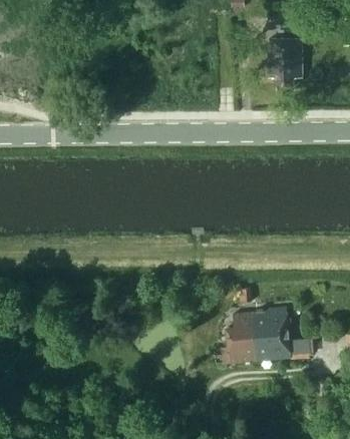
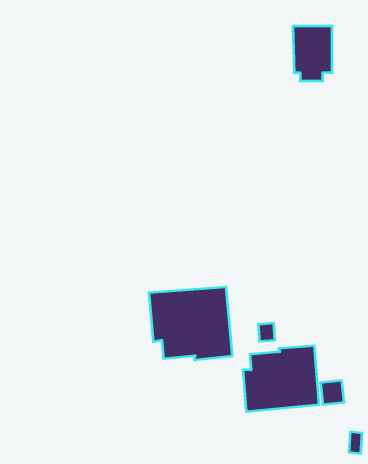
building: none -> [149,287,232,360]

